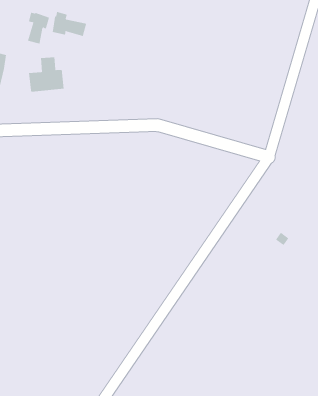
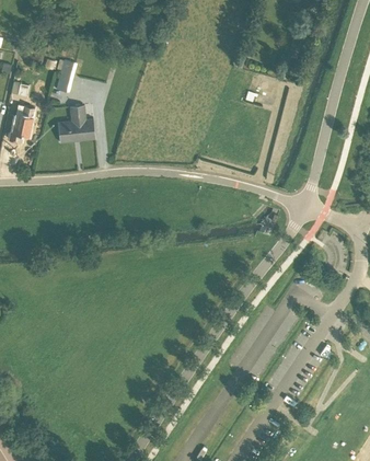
building: [52,11,87,37] -> none

